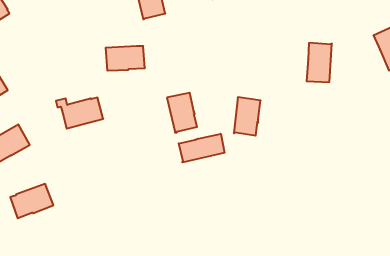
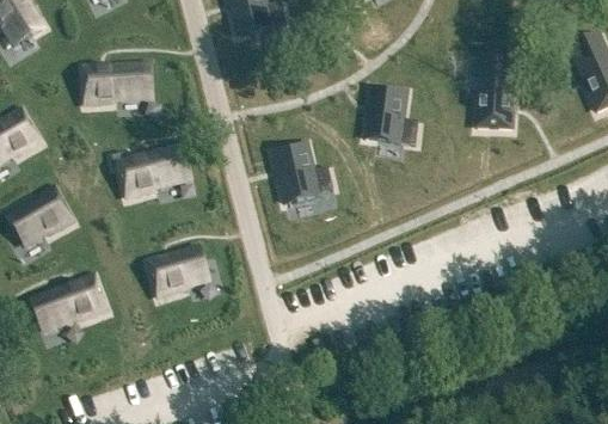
building: [106,46,145,71] -> [82,64,140,100]
building: [234,97,261,136] -> [366,85,405,141]
building: [179,134,225,162] -> none
building: none -> [147,247,205,294]

